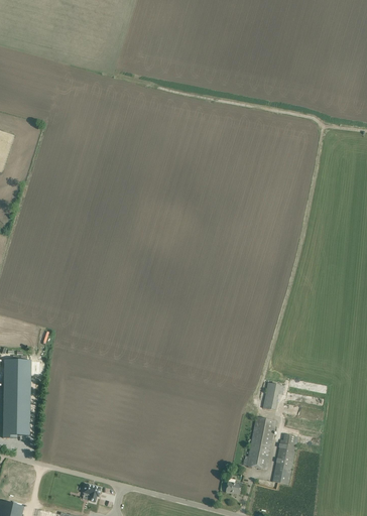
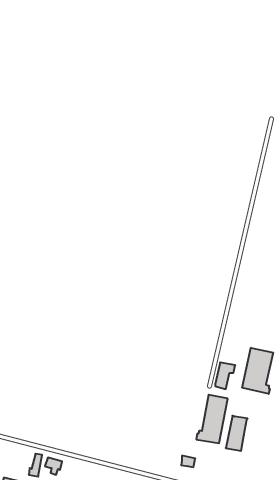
building: none -> [242,348,273,394]

